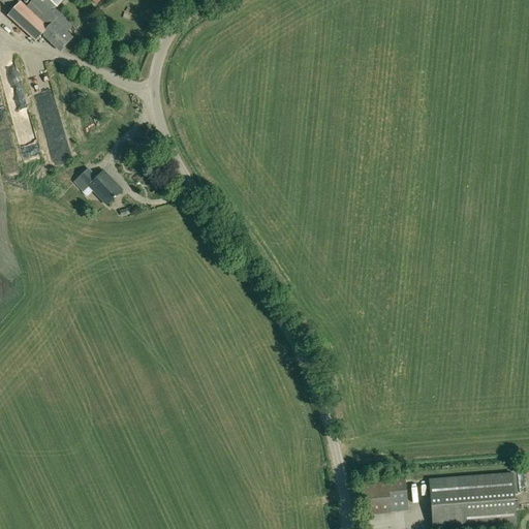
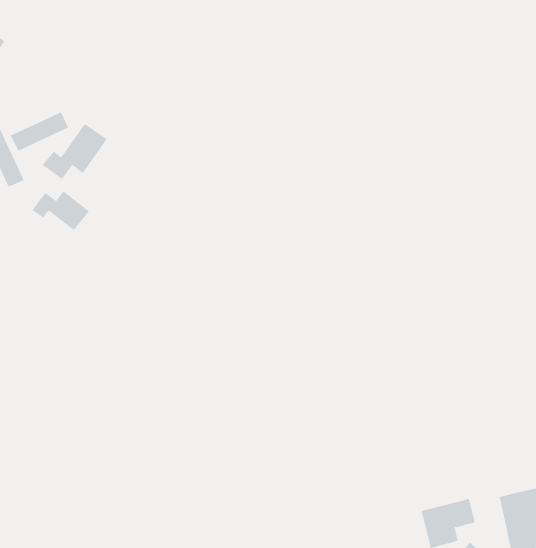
building: none -> [10,111,69,151]
building: none -> [42,123,108,180]

